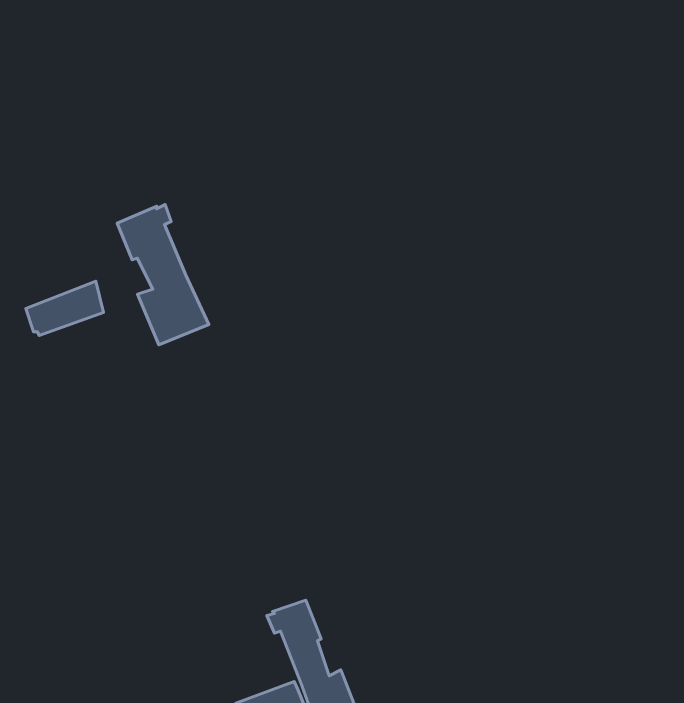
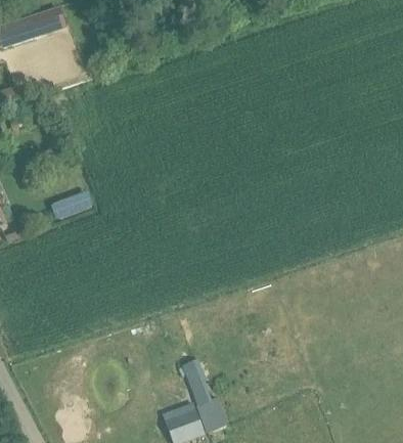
building: [117,204,209,345] -> none

